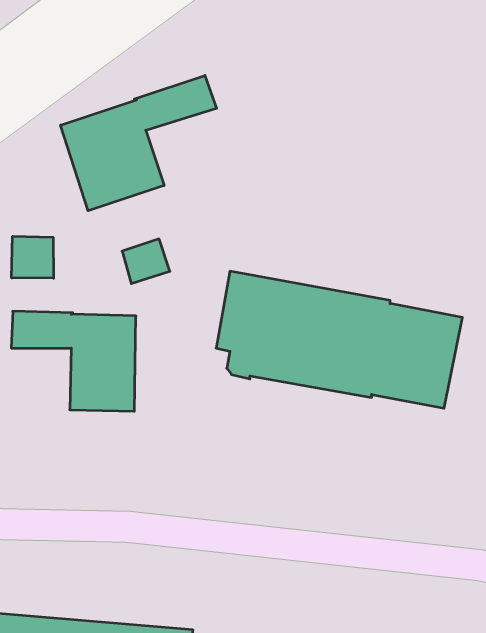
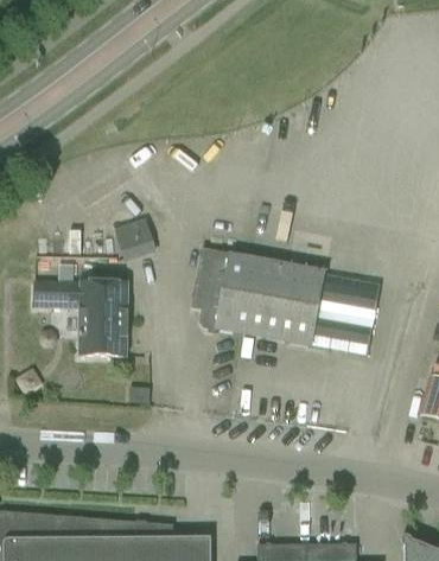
building: [61,75,217,211] -> none
building: [12,236,54,278] -> none

